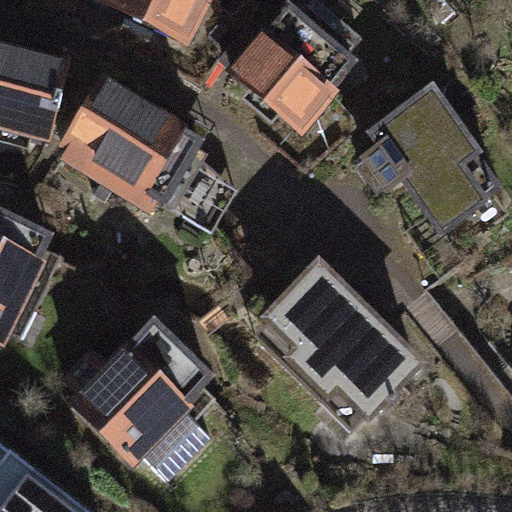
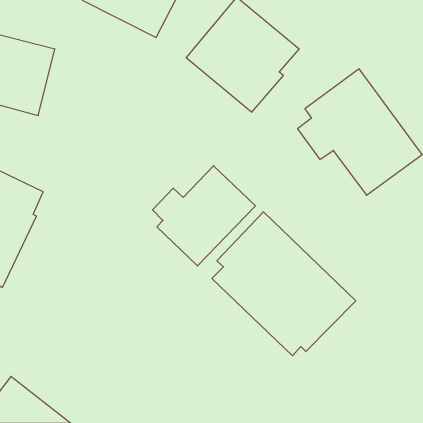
building: [57,75,204,215] -> none
building: none -> [152,166,255,266]
building: [57,316,213,481] -> none

